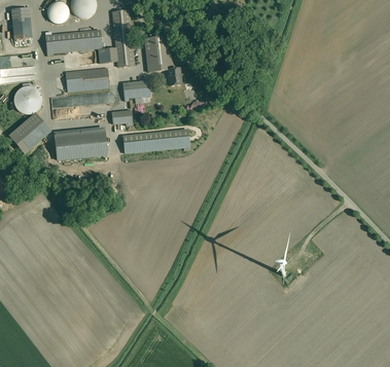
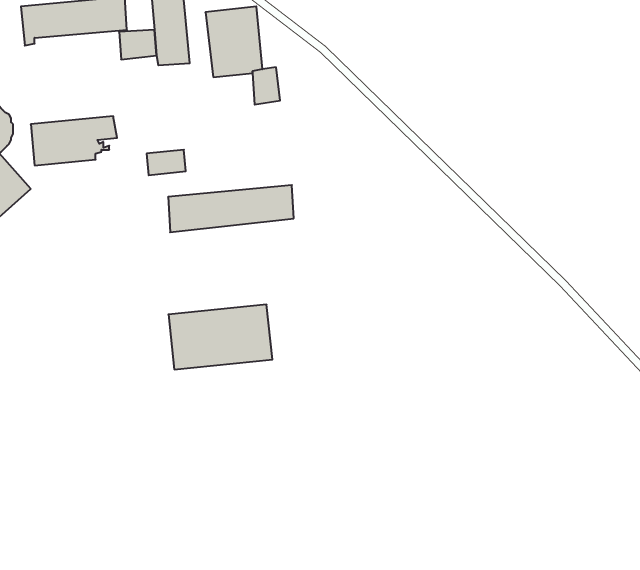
building: [65,68,109,91] -> none
building: [122,80,149,99] -> none
building: [52,127,107,161] -> [168,305,272,369]

